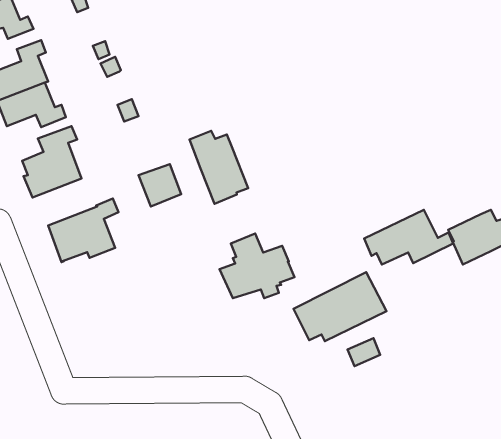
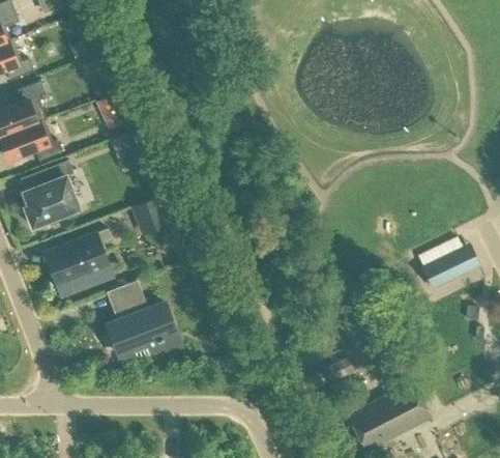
building: [190,131,248,204] -> none
building: [364,210,453,264] -> none
building: [220,234,294,298] -> [106,292,175,352]
building: [294,272,386,341] -> [347,381,433,446]

